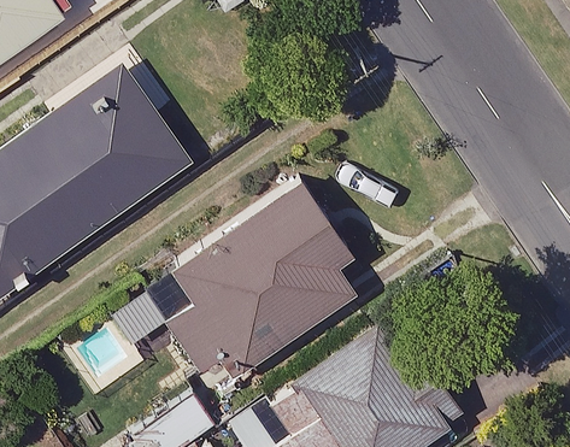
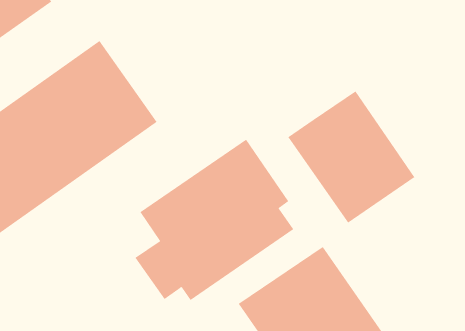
building: none -> [287,90,415,224]

